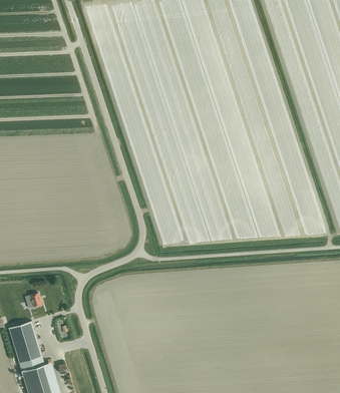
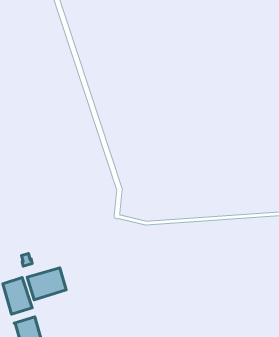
building: none -> [27,268,66,300]

